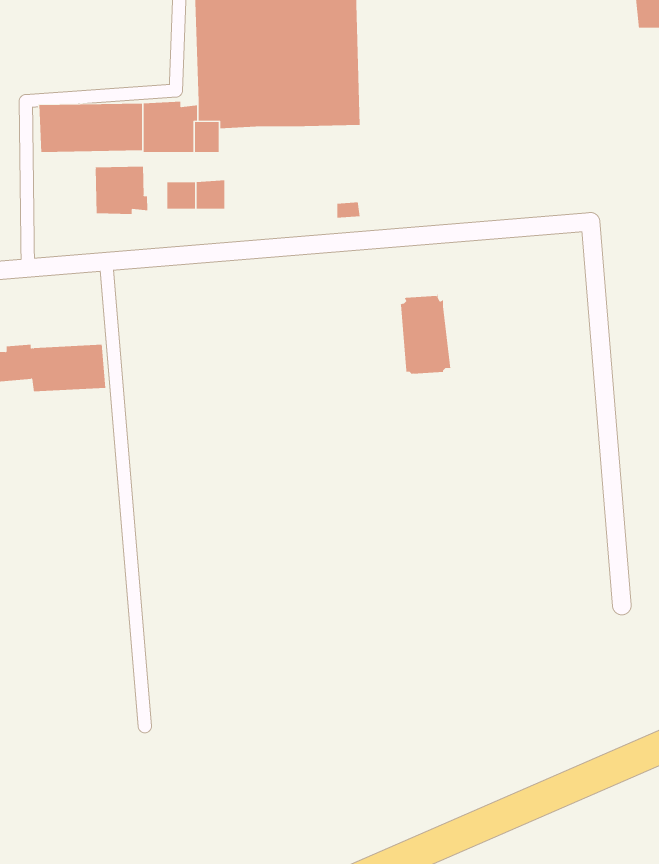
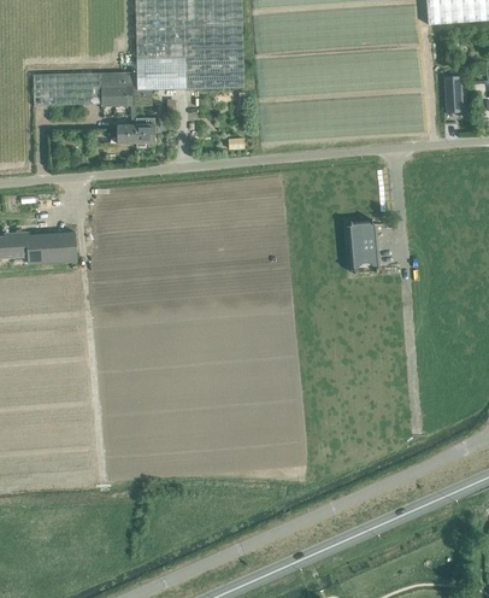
building: [95,166,148,215] -> none
building: [398,294,451,378] -> [347,218,382,274]

